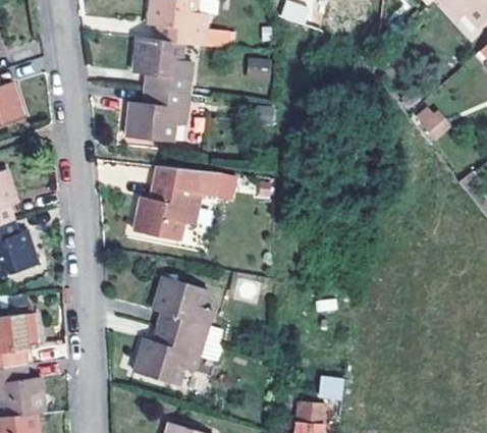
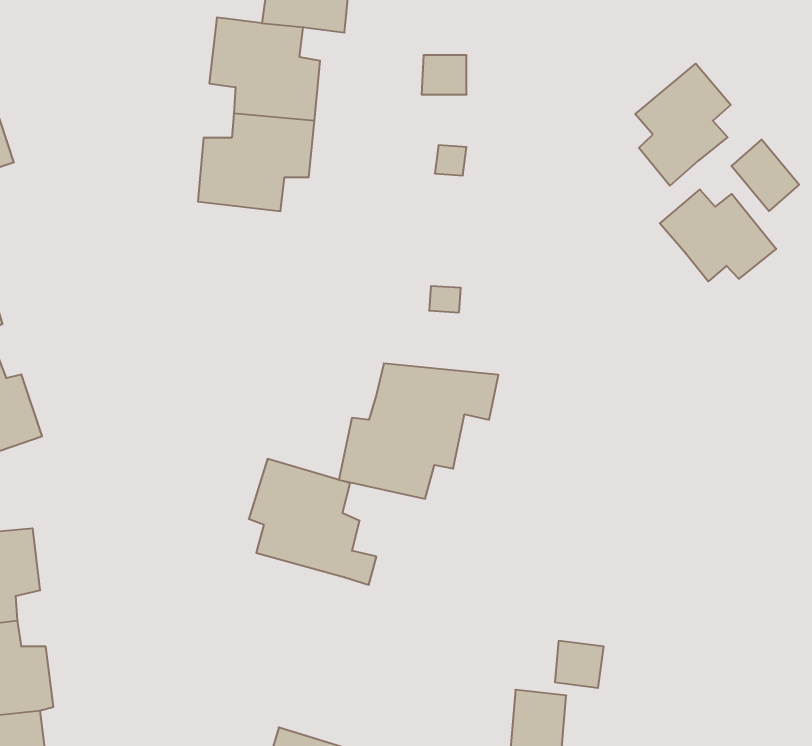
building: none -> [635,64,731,186]
building: none -> [660,189,776,281]
building: [132,166,219,239] -> [339,363,498,499]
building: [132,327,204,385] -> none

